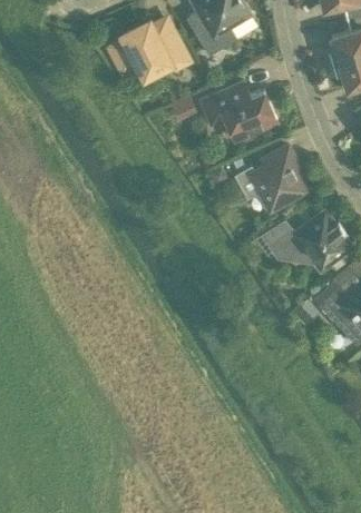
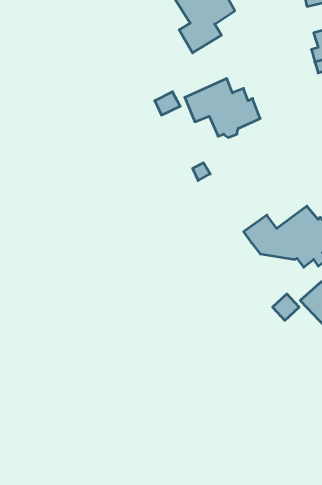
building: [108,21,186,76] -> none
building: [233,145,303,208] -> none

